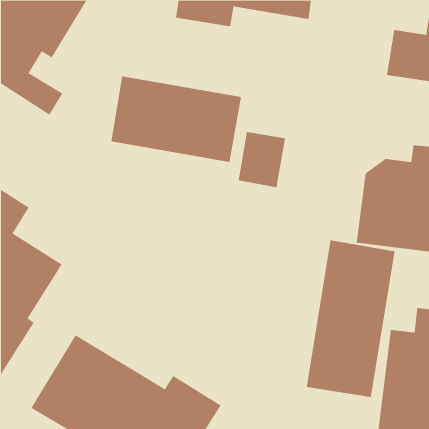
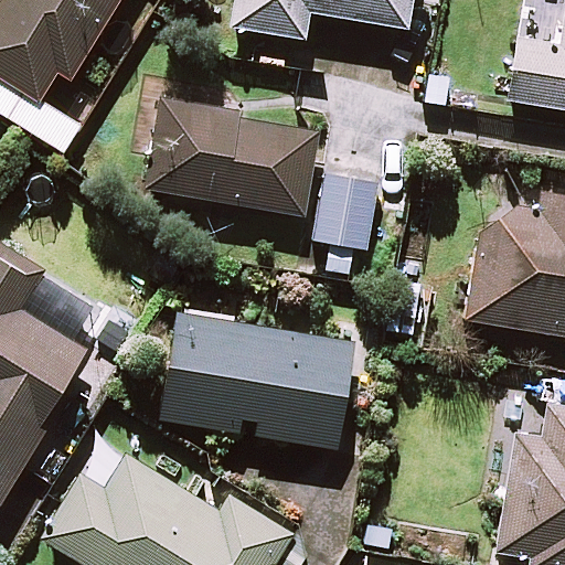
building: none -> [159,313,353,446]
building: [306,240,395,398] -> none

